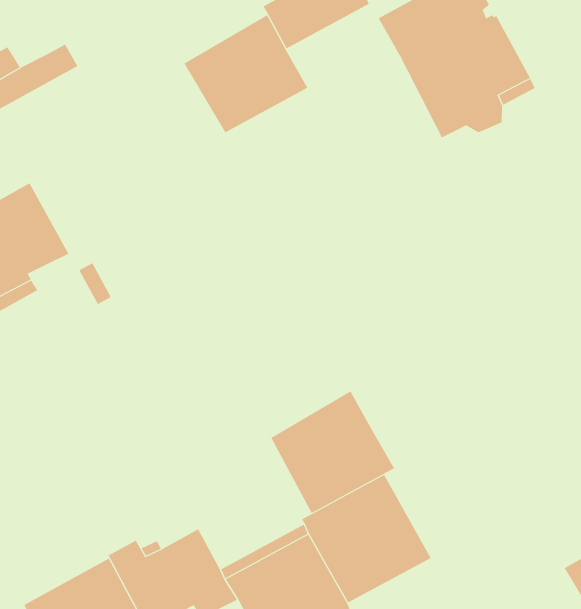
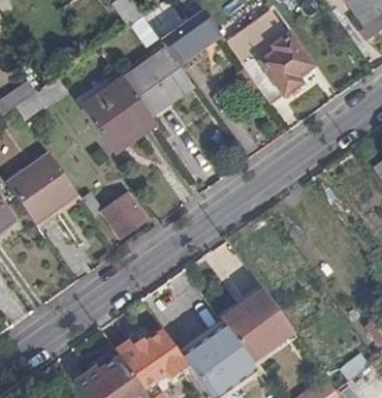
building: none -> [82,75,155,148]
building: none -> [103,192,145,235]
building: [270,390,395,514] -> none

